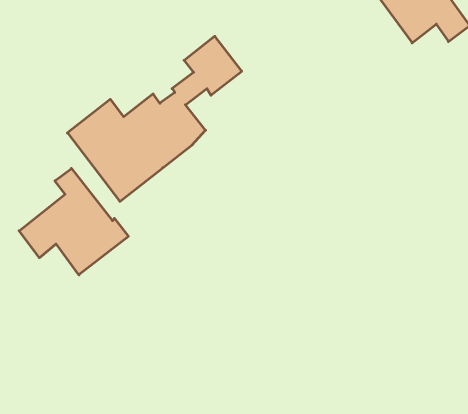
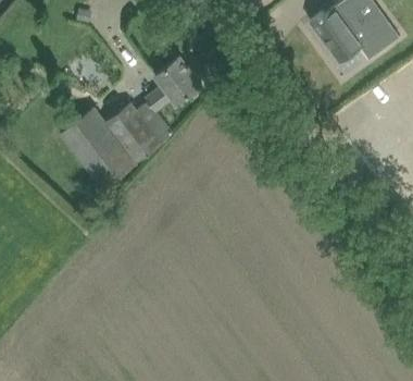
building: [19,168,128,275] -> none

